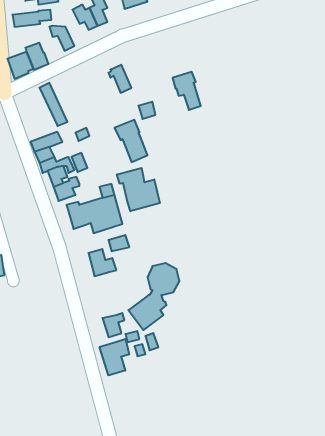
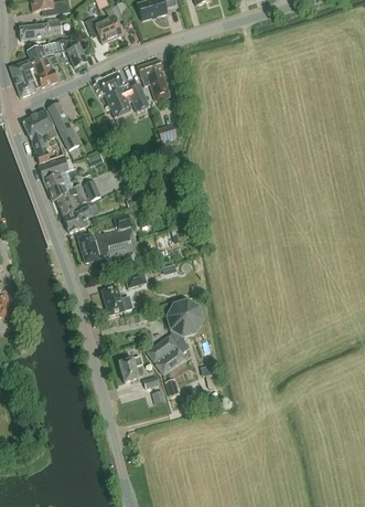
building: none -> [9,40,62,75]
building: [173,72,201,110] -> [137,59,168,101]
building: none -> [21,109,56,162]
building: [114,120,148,162] -> [95,72,131,118]
building: [117,168,160,211] -> none
building: [100,339,129,375] -> none

